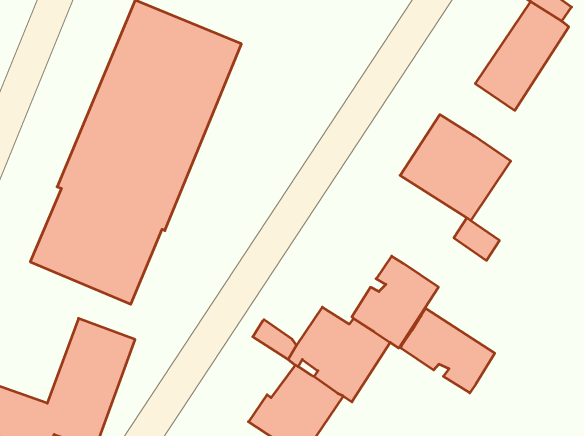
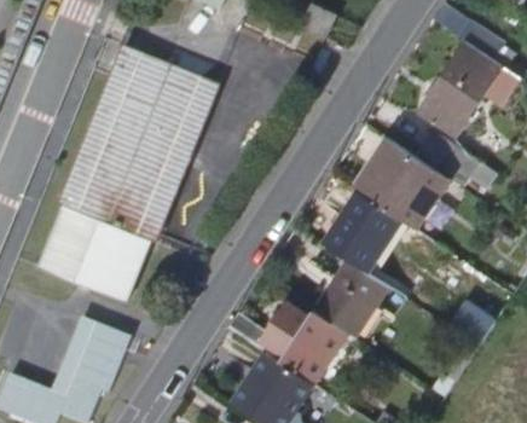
building: none -> [418,134,480,189]
building: none -> [325,202,382,266]
building: [401,308,495,393] -> none

